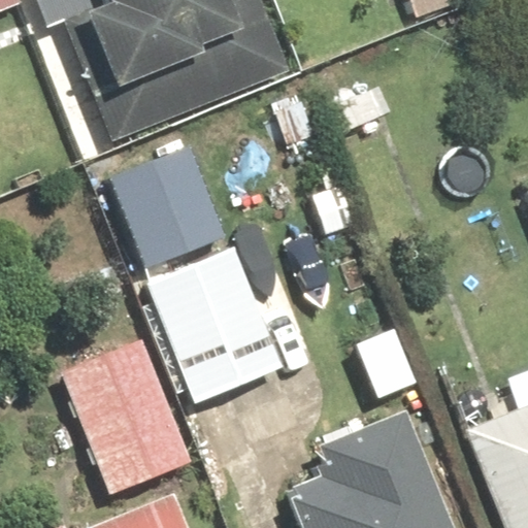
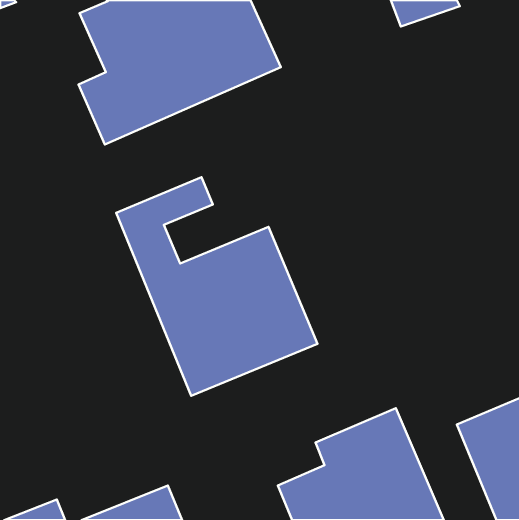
building: [61,341,190,496] -> none

